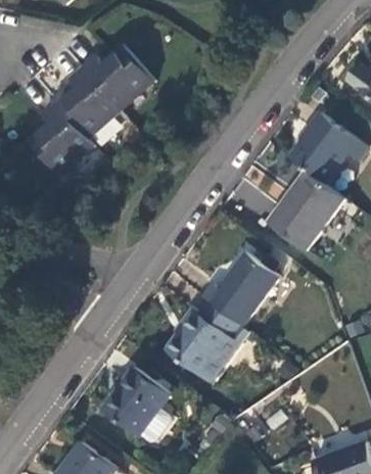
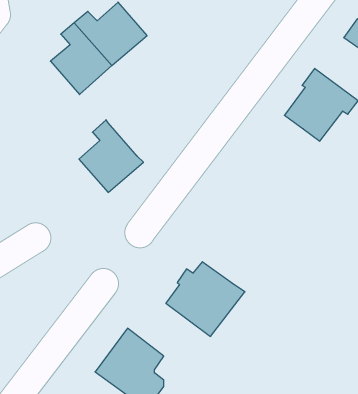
building: [30,100,93,172] -> [79,120,143,192]
building: [268,170,343,248] -> none
building: [202,250,274,322] -> none

